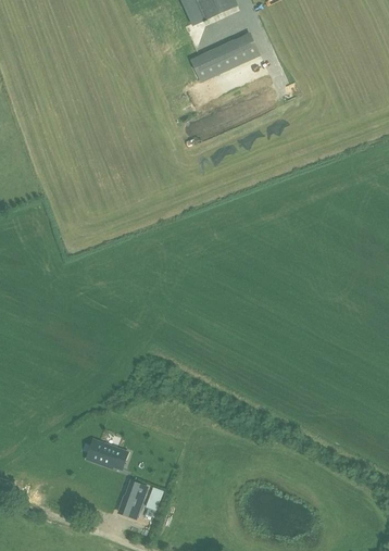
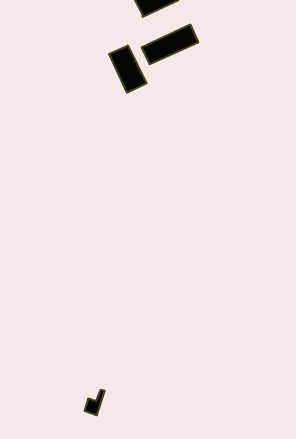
building: none -> [109,45,146,93]
building: [87,440,127,467] -> none

